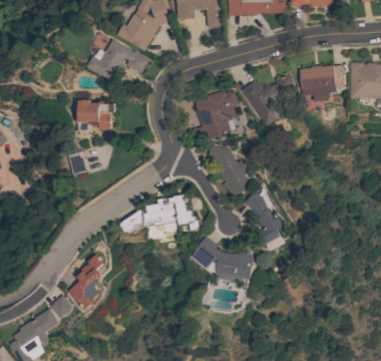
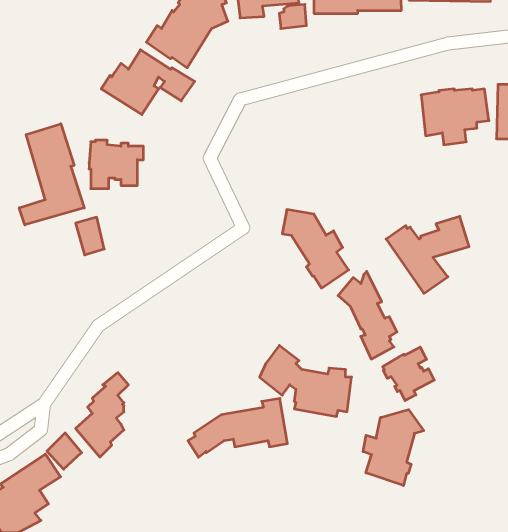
building: [241,74,296,125] -> [386,216,469,293]
building: none -> [19,124,84,225]
building: [193,90,238,142] -> none
building: [123,194,189,233] -> [188,398,287,457]
building: none -> [383,347,434,401]
building: none -> [363,410,424,486]

